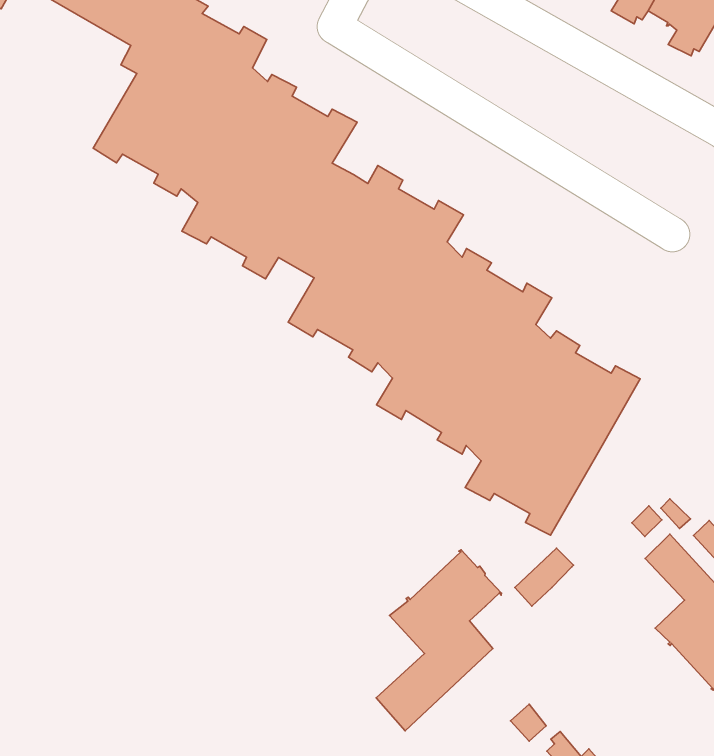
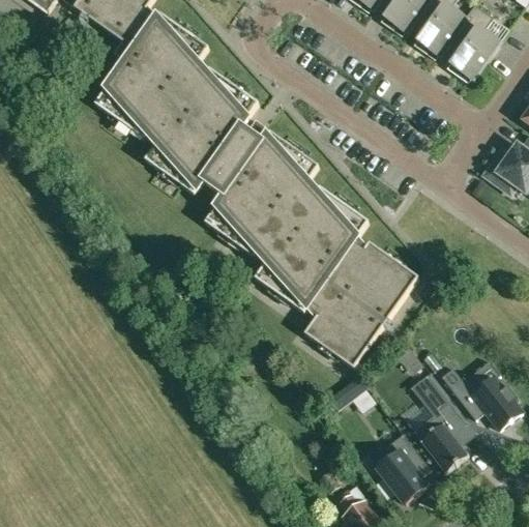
building: [376,550,501,731] -> none
building: none -> [378,432,428,503]

